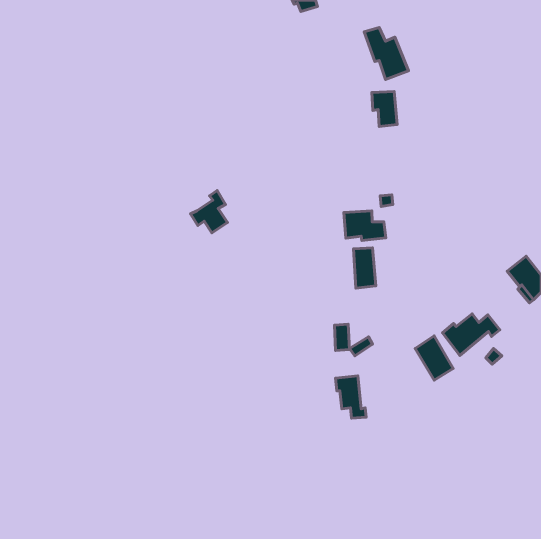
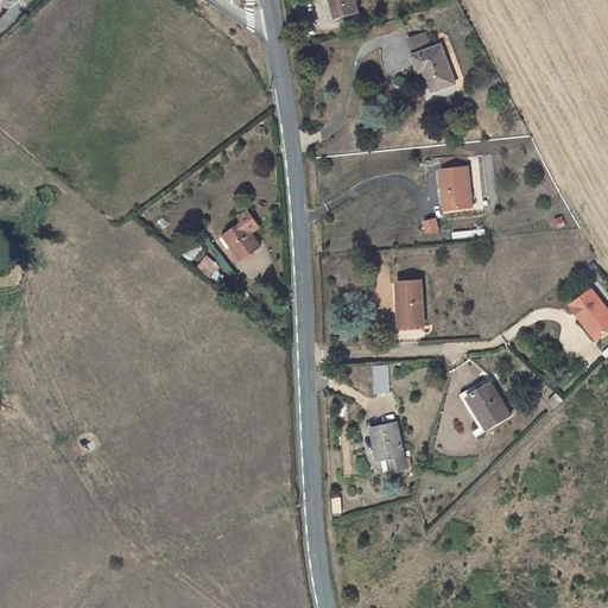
building: [372,92,397,126] -> [438,167,467,207]
building: [344,211,386,241] -> none
building: [442,314,500,355] -> none

